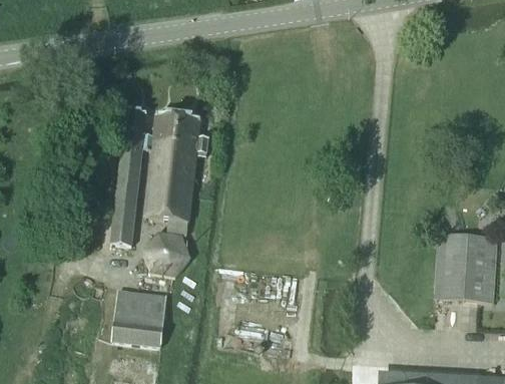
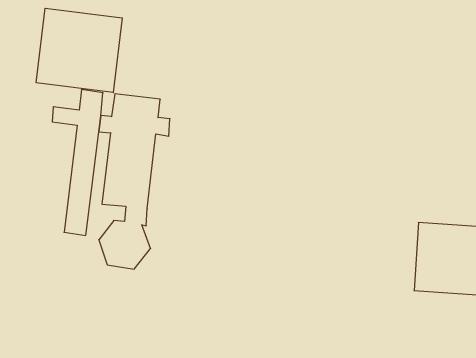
building: none -> [36,8,122,93]
building: [113,290,164,346] -> none

